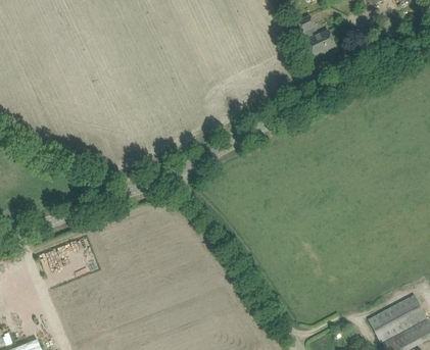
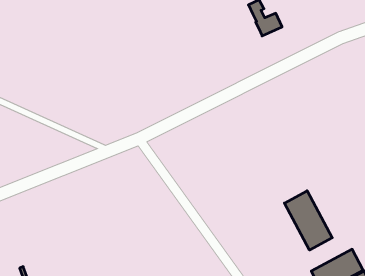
building: none -> [284,191,332,250]

